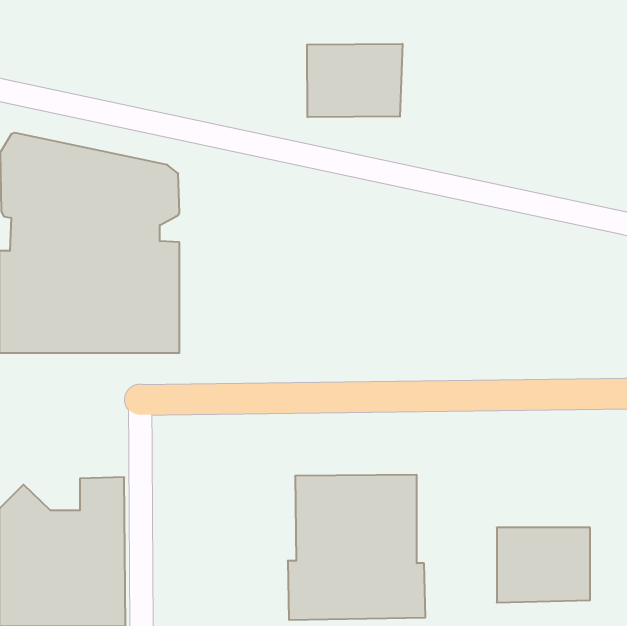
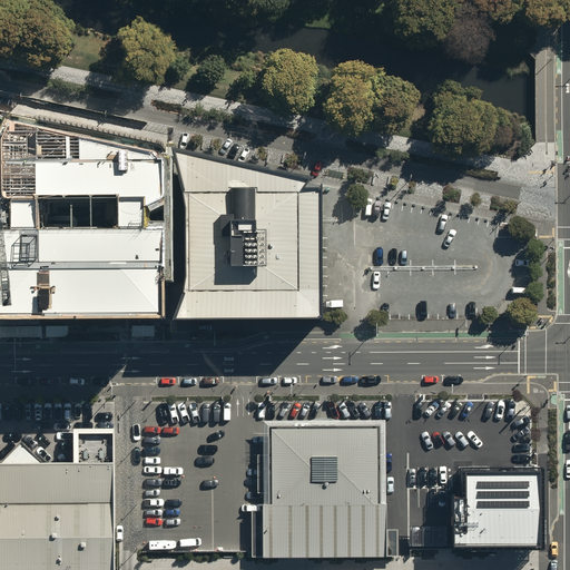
building: [307,44,402,117] -> none
building: none -> [173,153,321,320]

